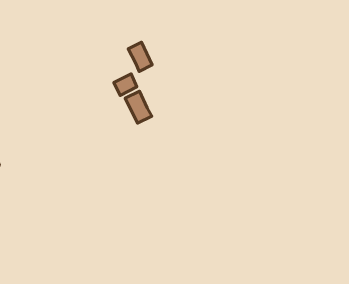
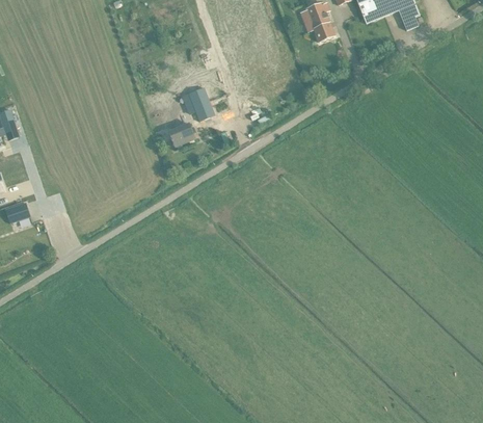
building: [125,91,152,123] -> none

